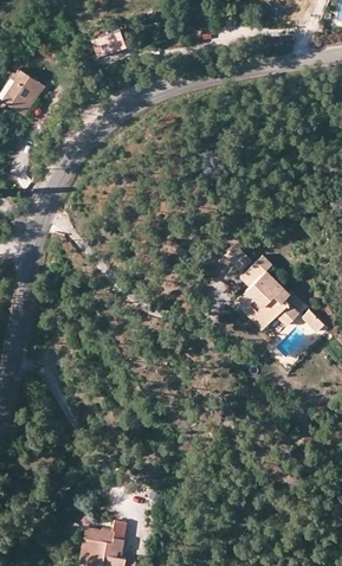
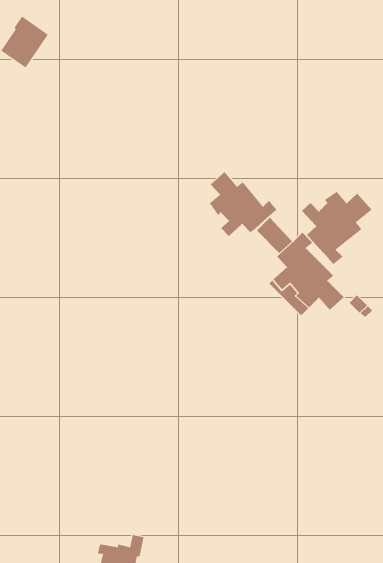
building: none -> [209,171,277,237]
building: none -> [301,191,373,265]

